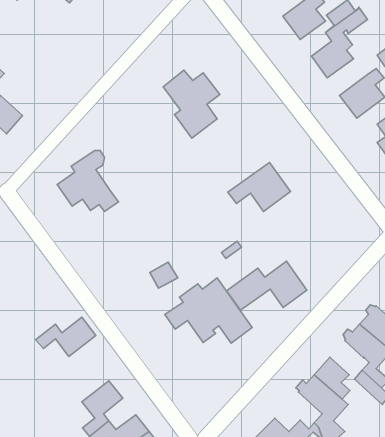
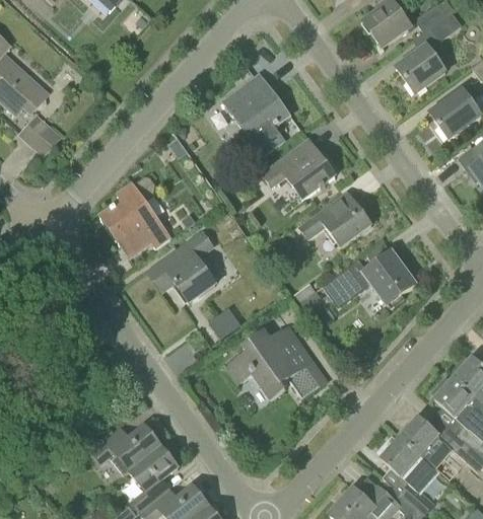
building: none -> [262,139,334,199]
building: none -> [146,231,214,301]
building: [226,261,307,310] -> [322,250,415,307]
building: [36,317,96,356] -> [90,423,160,468]

